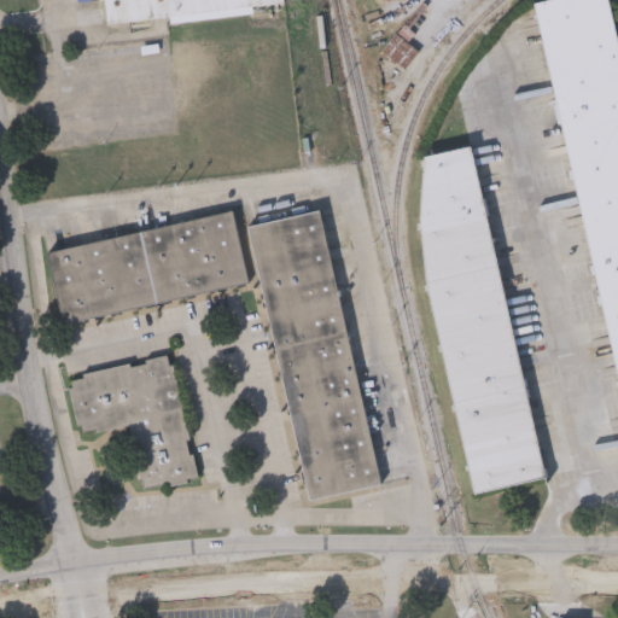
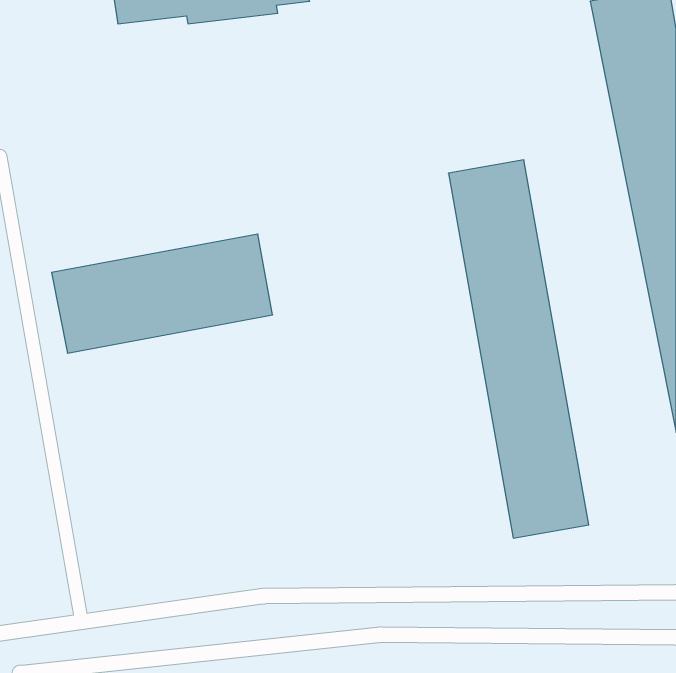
building: [250,210,378,501] -> none
building: [68,358,194,489] -> none

